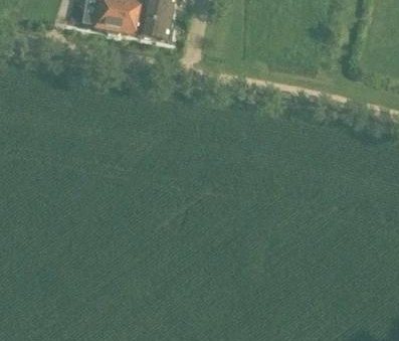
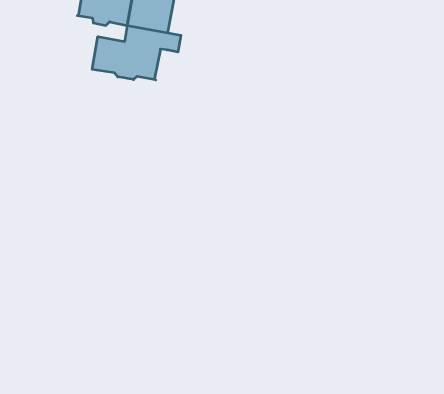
building: none -> [92,26,181,80]

